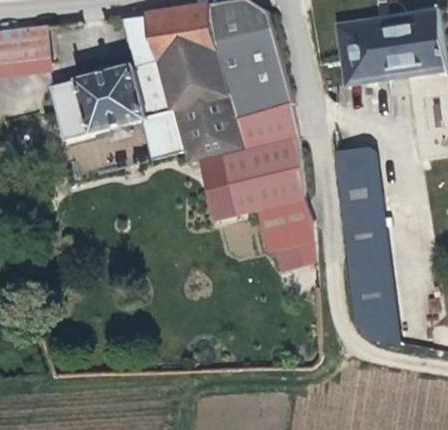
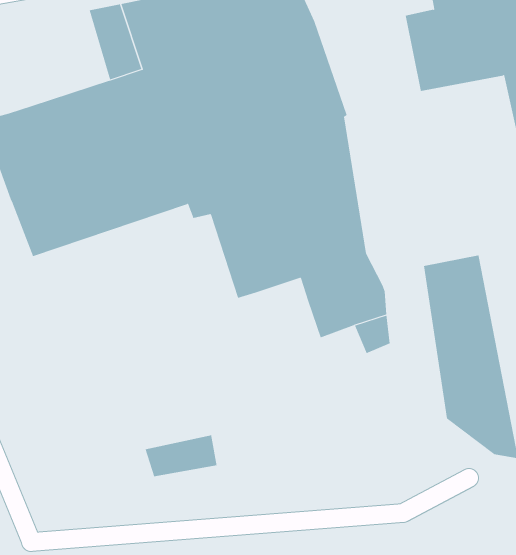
building: [337,148,380,205] -> none
building: none -> [145,435,217,477]

